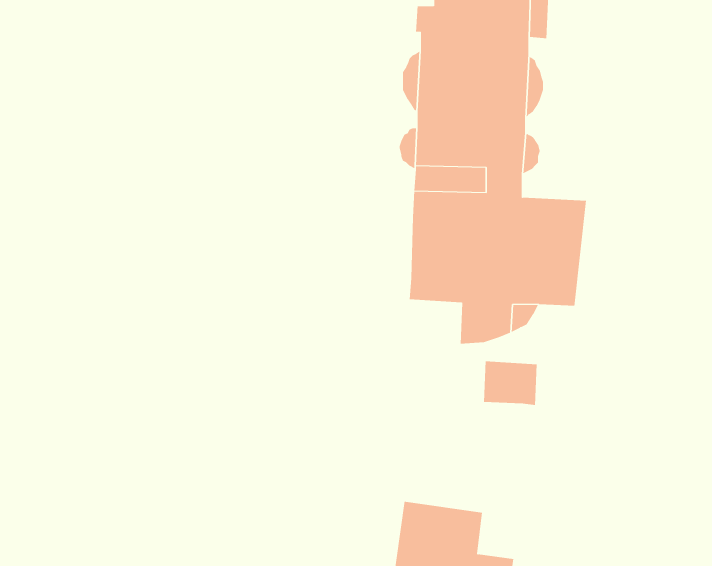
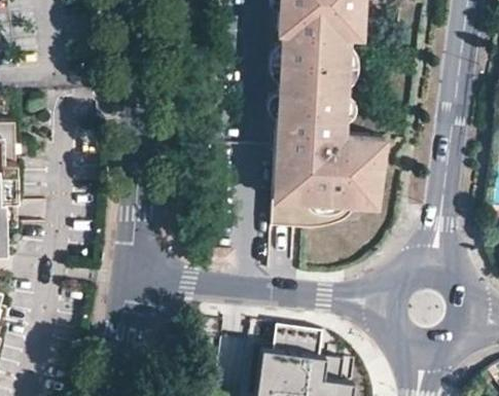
building: [483,361,537,406] -> [274,200,308,227]

